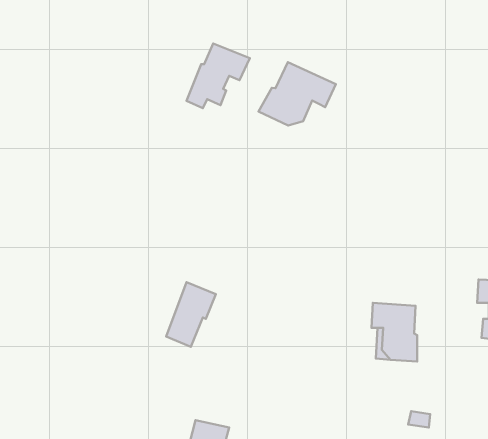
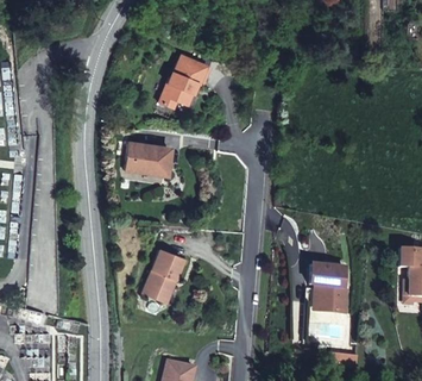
building: [259,62,336,125] -> none
building: none -> [120,139,171,174]

